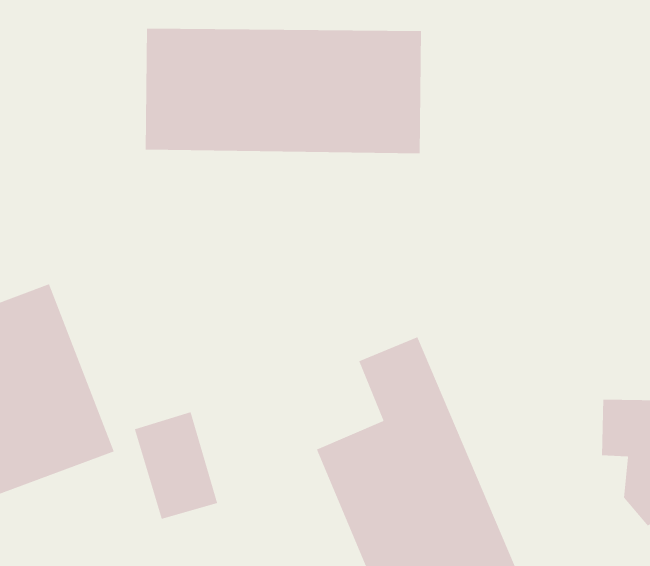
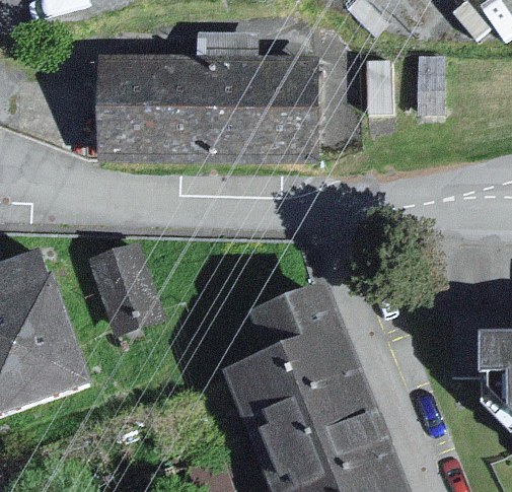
building: [134,411,218,520] -> [98,238,161,320]

